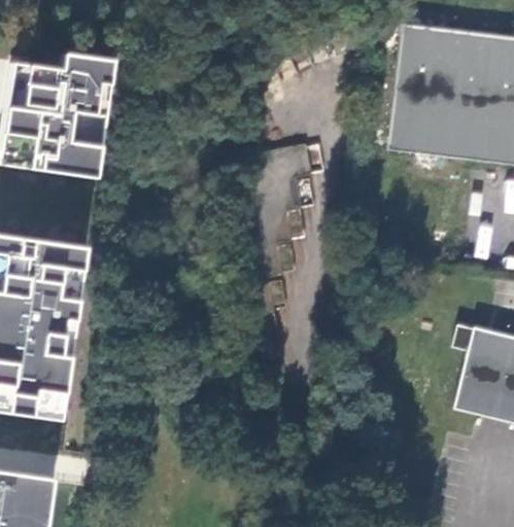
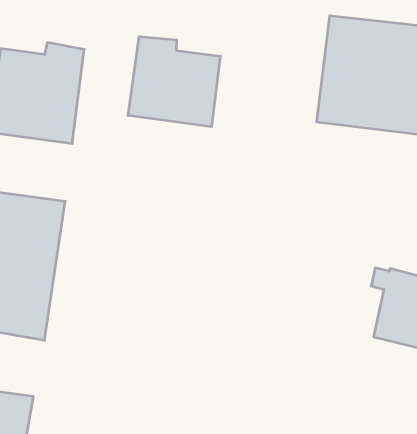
building: none -> [128,37,220,127]

